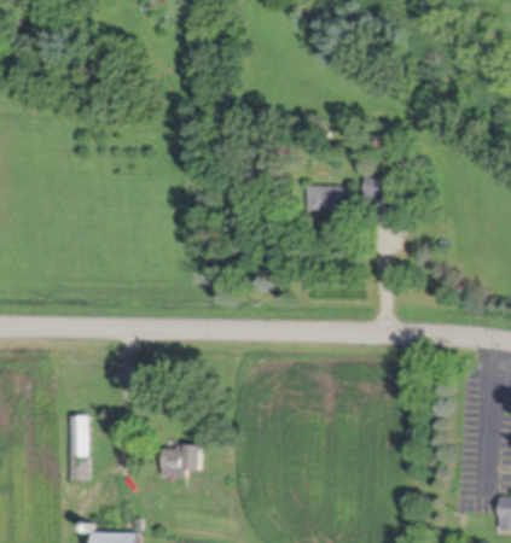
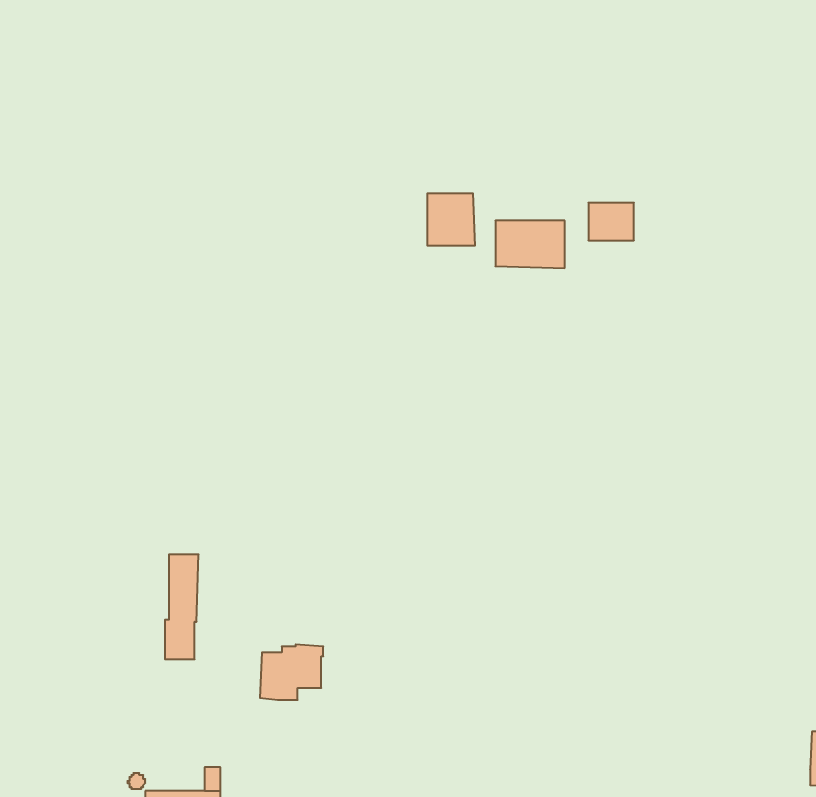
building: none -> [427,193,475,246]
building: [66,416,87,480] -> [165,554,199,659]

